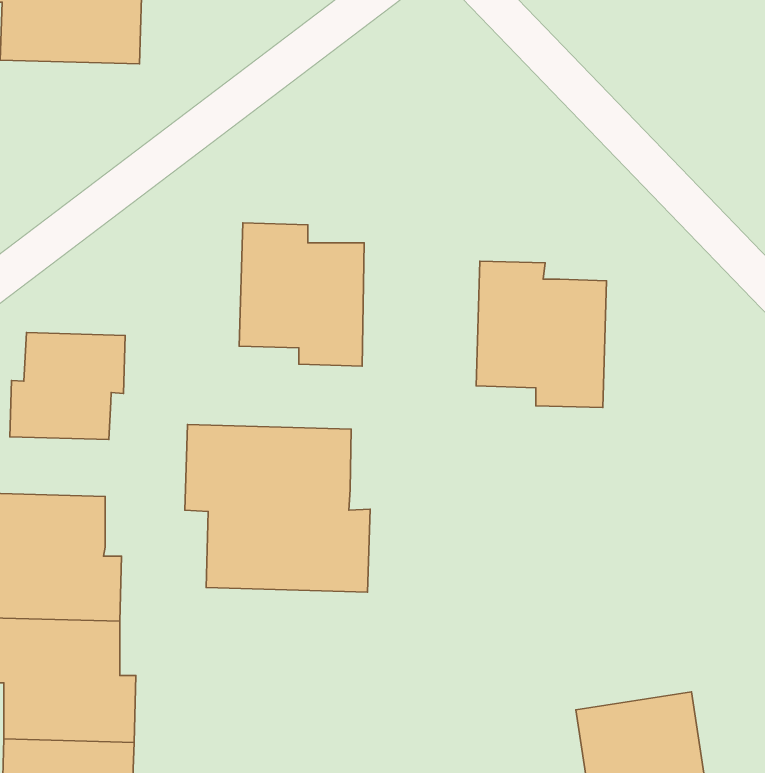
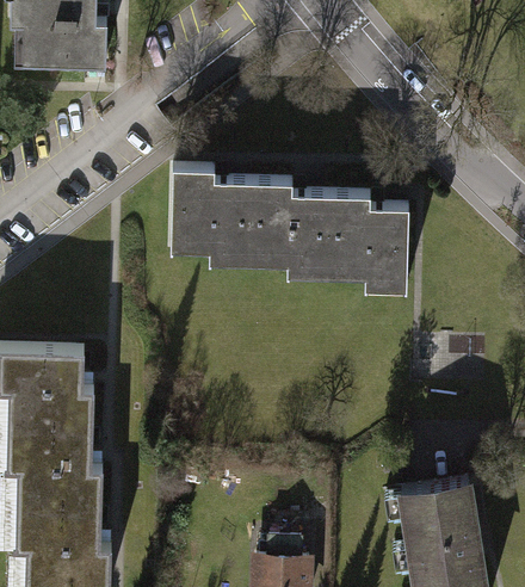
building: none -> [252,184,329,278]
building: [10,333,125,440] -> none
building: [185,425,370,592] -> none

